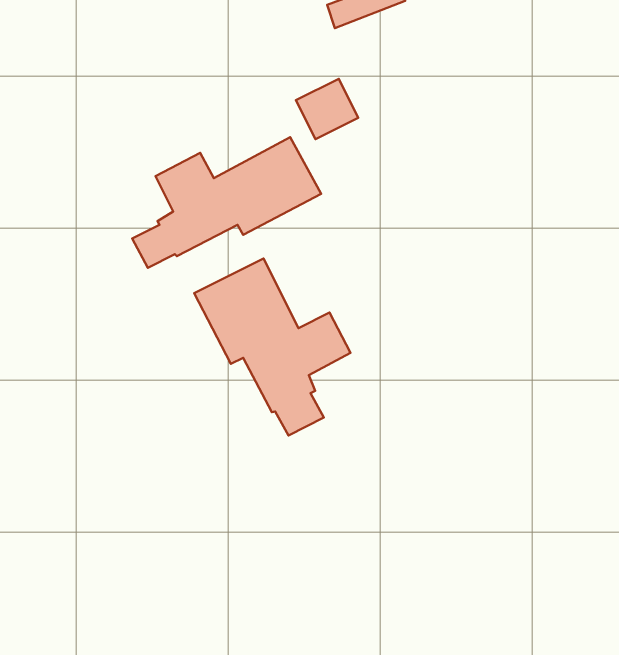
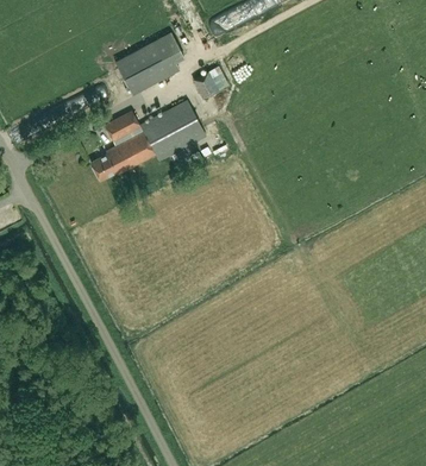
building: none -> [115,33,183,95]
building: [194,258,351,436] -> none

